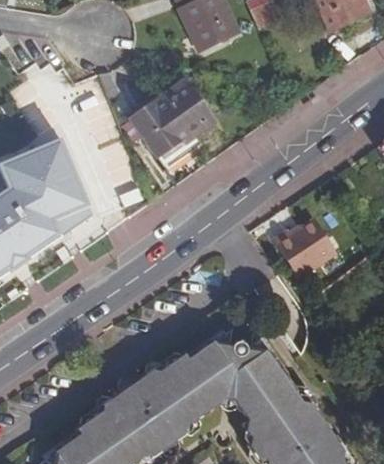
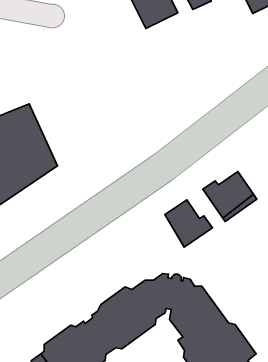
building: [129,78,212,166] -> none
building: none -> [165,200,212,247]

